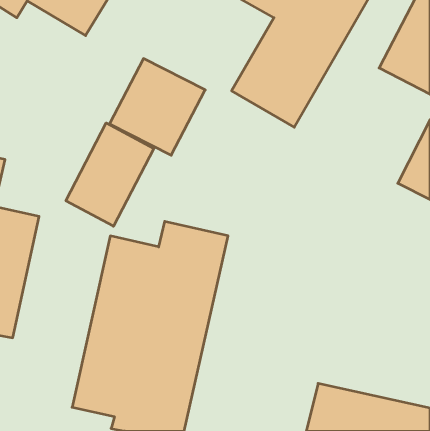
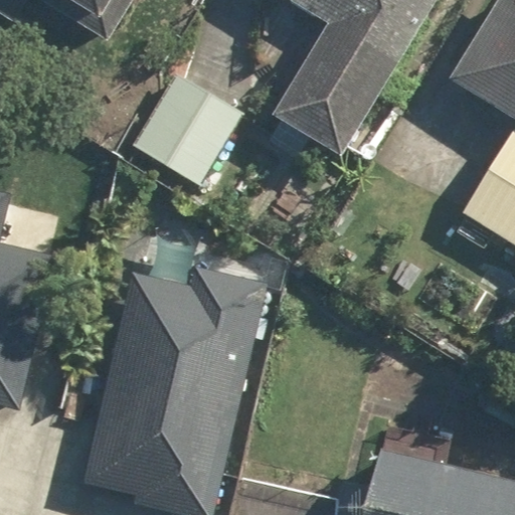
building: [66,123,154,226] -> none

